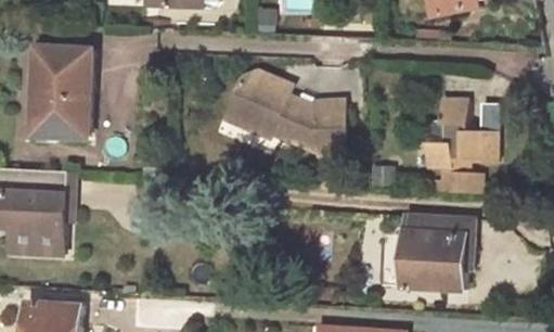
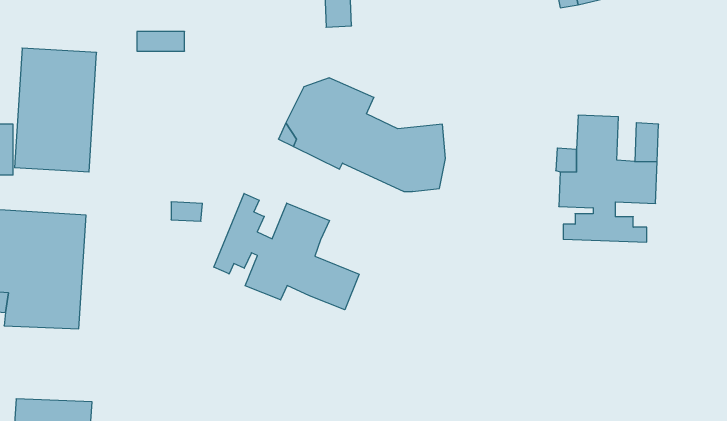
building: none -> [214,193,359,310]
building: [408,227,477,289] -> none

